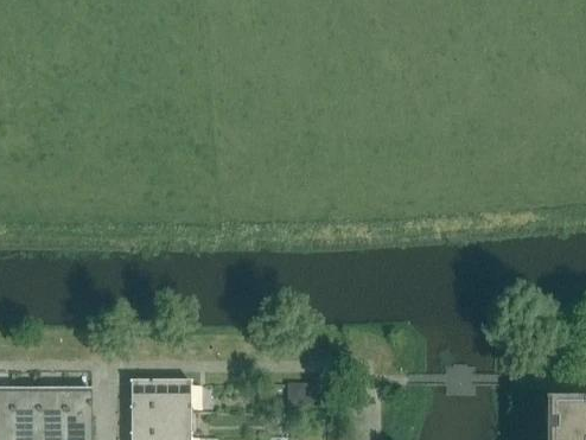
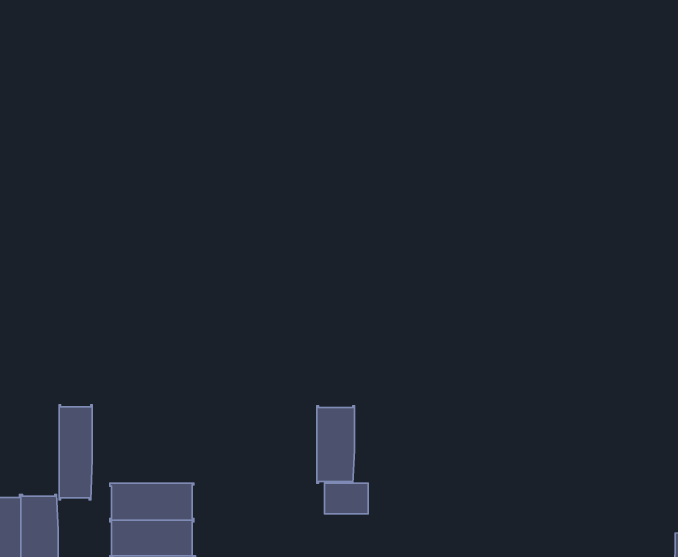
building: none -> [59,405,92,500]
building: none -> [317,406,354,483]

